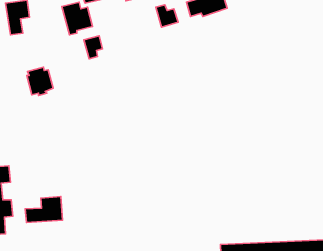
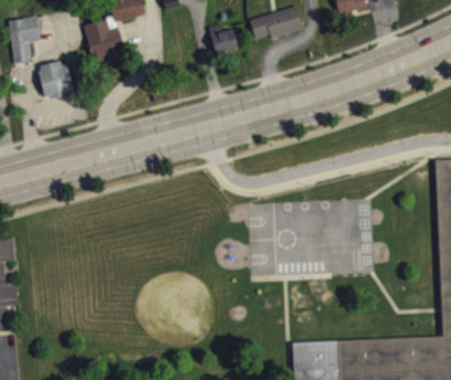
building: [84,36,103,59] -> none
building: [27,67,53,96] -> [39,61,74,98]
building: [25,196,63,223] -> none

